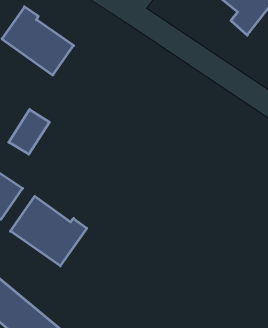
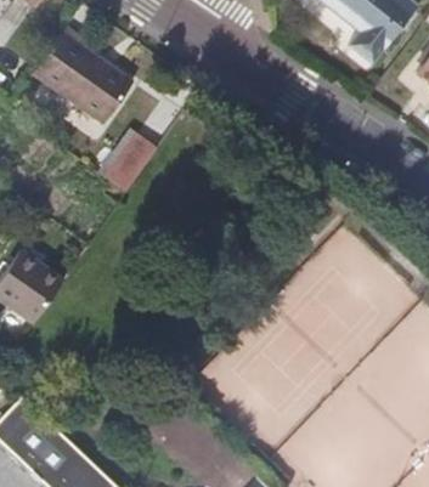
building: [9,109,49,154] -> [100,129,157,192]
building: [10,196,87,266] -> none

